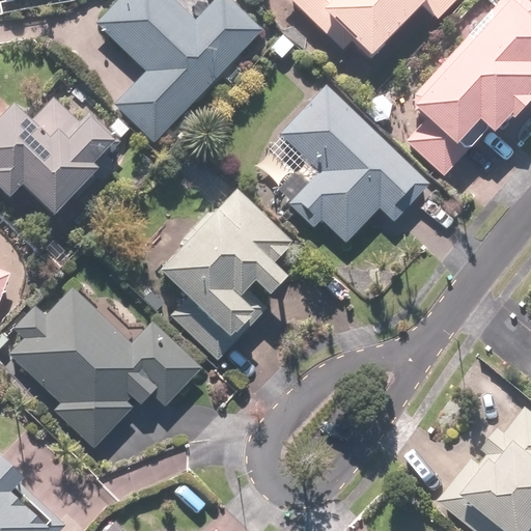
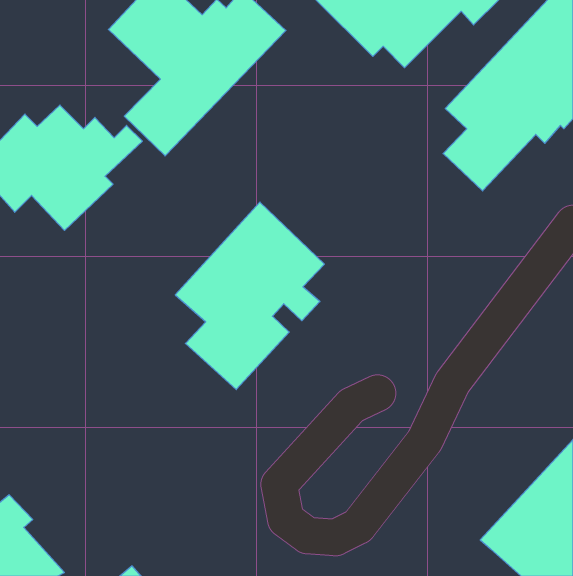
building: [280,83,427,243] -> none
building: [10,287,204,451] -> none

